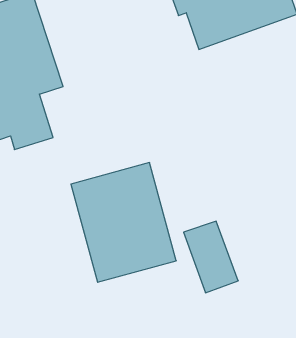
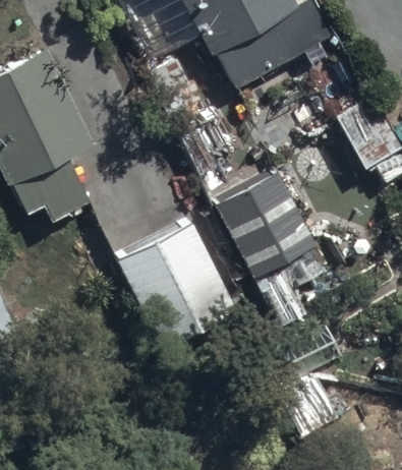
building: none -> [207,163,317,279]

